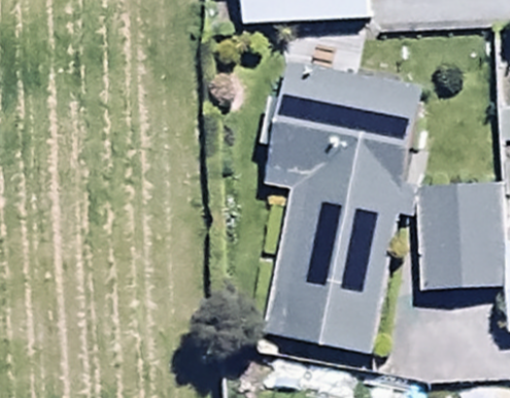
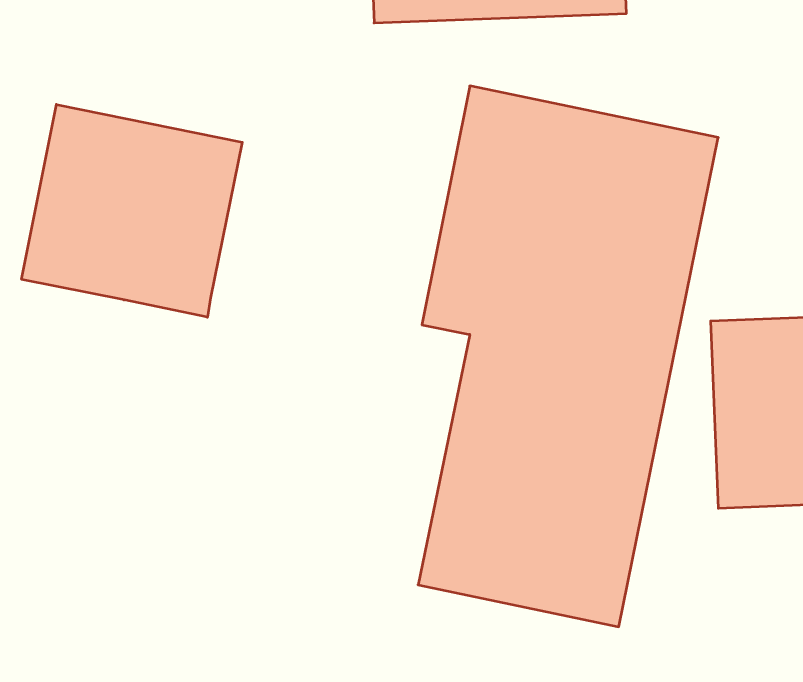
building: none -> [22,104,242,317]

